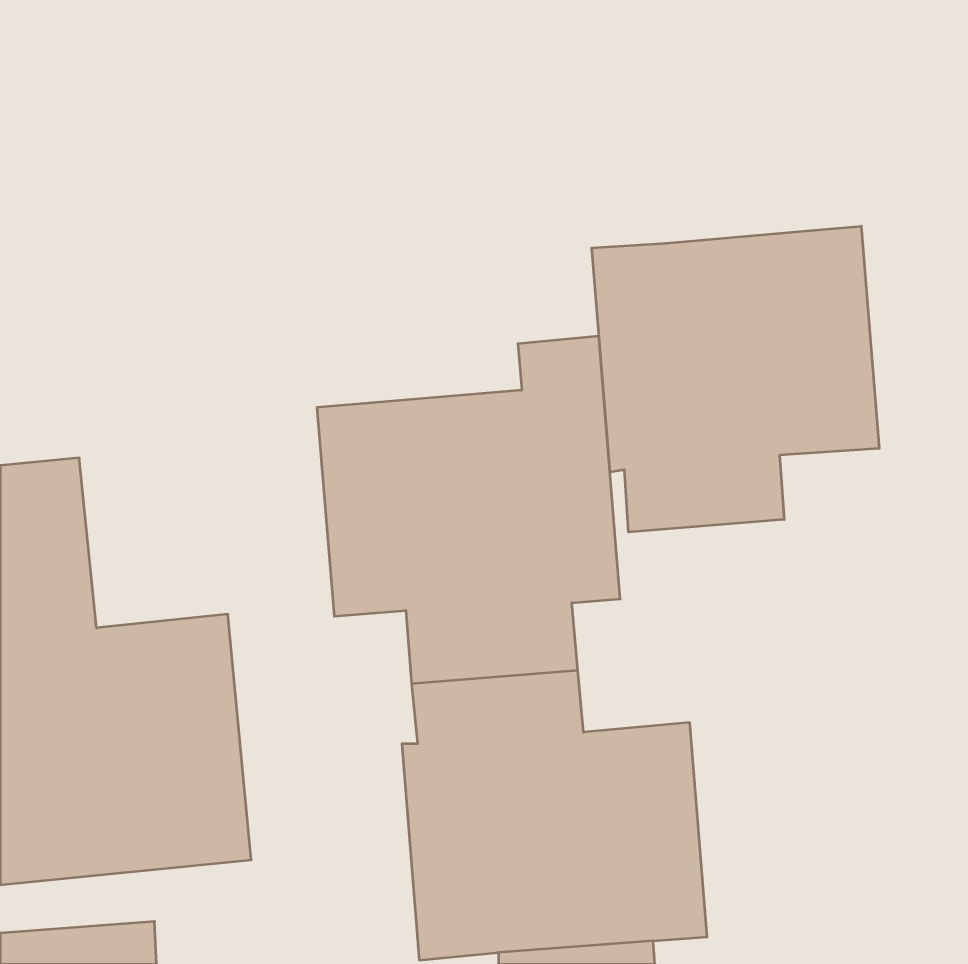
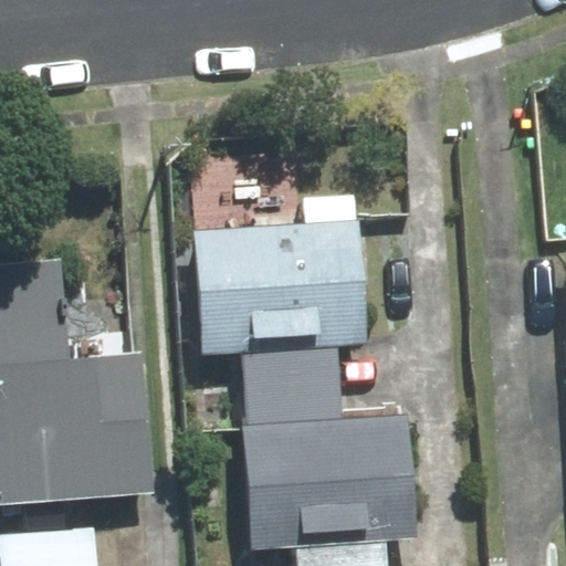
building: [592,226,879,532] -> none

